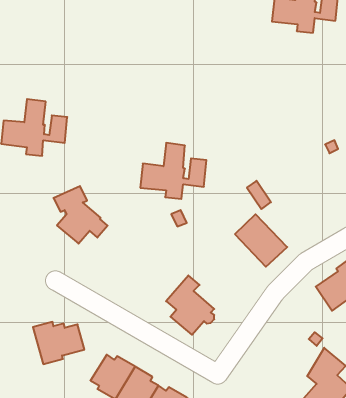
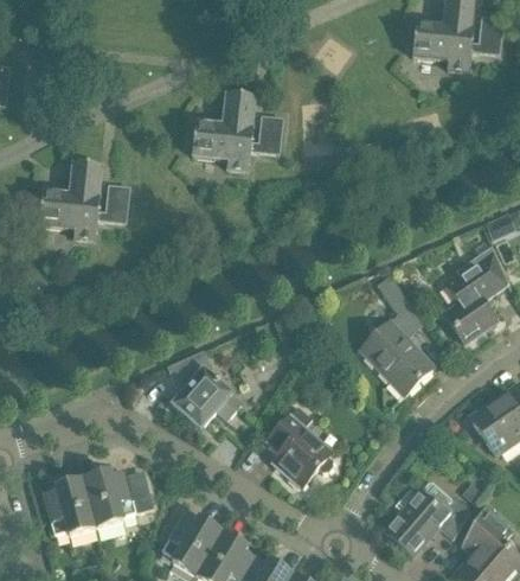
building: [140,143,206,199] -> [192,92,283,170]
building: none -> [445,244,508,340]
building: [53,186,108,244] -> [167,349,242,428]
building: none -> [44,475,97,535]
building: none -> [385,480,470,554]

